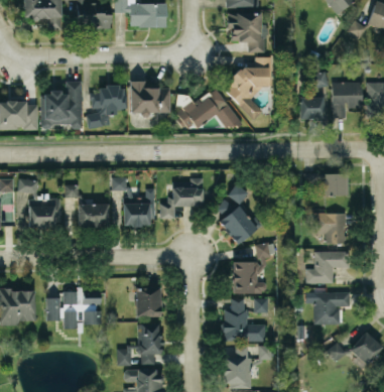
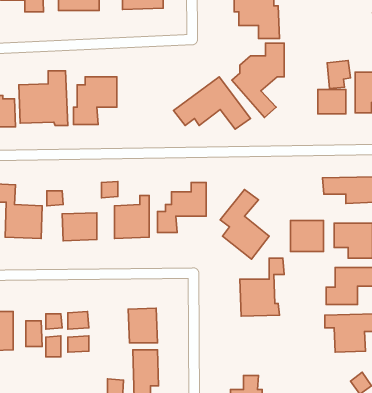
building: [129,81,169,113] -> none
building: none -> [291,220,324,251]
building: [223,298,256,341] -> none

